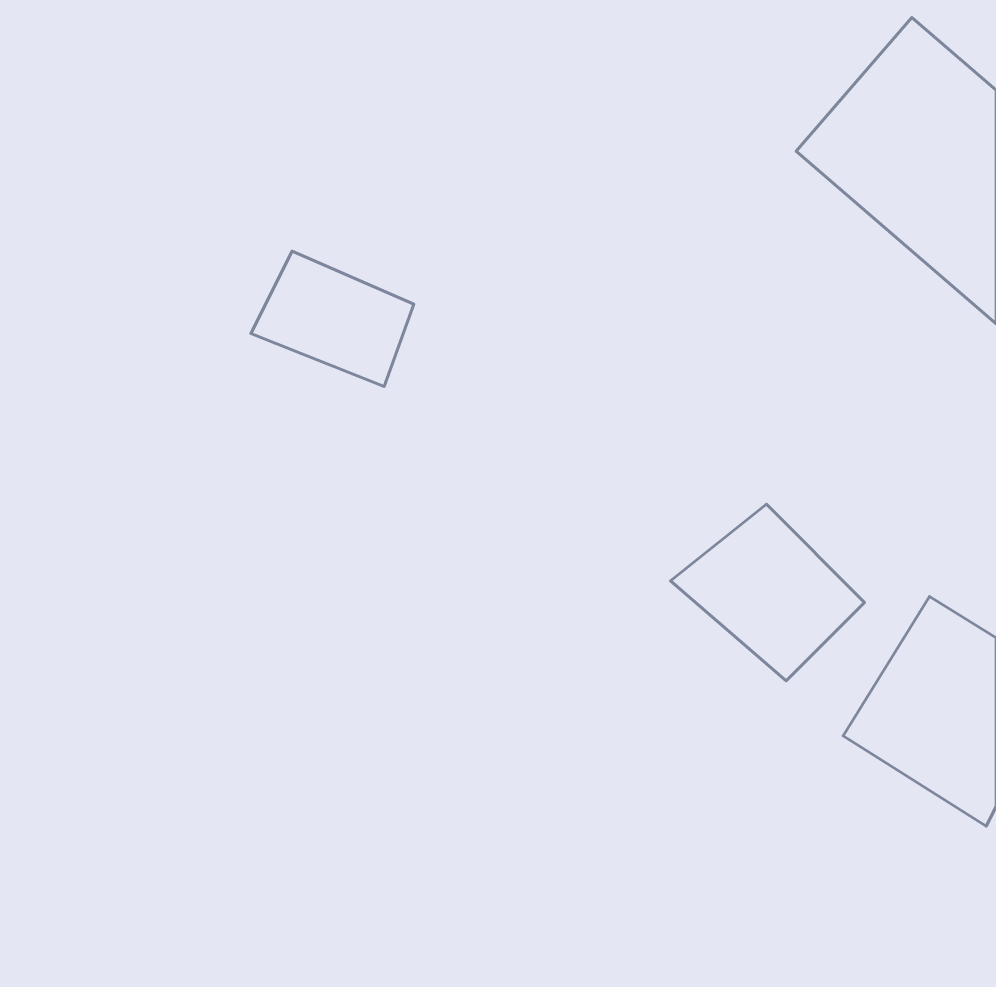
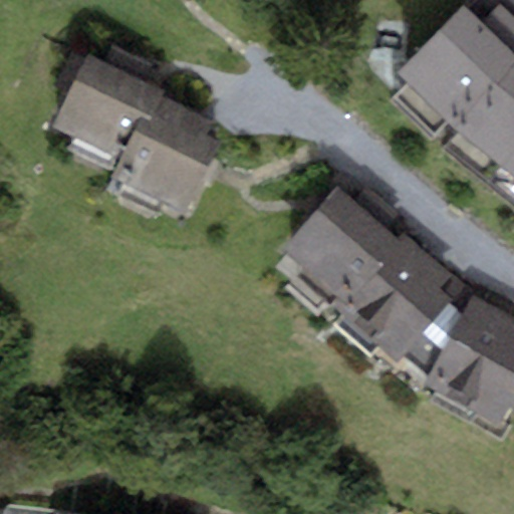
building: none -> [64,66,149,151]
building: none -> [284,198,388,290]

